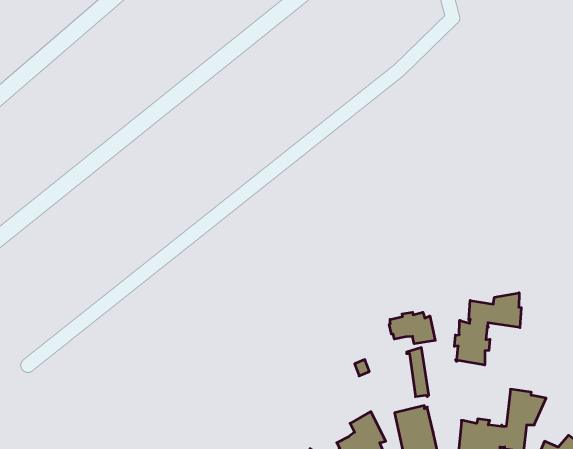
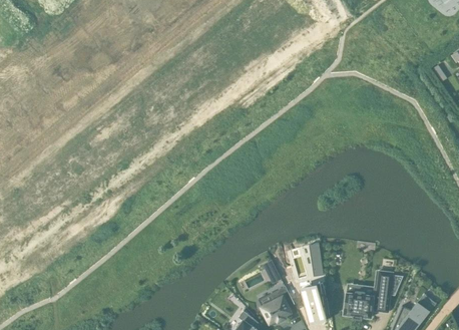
building: [454,293,521,365] -> none
building: [389,312,435,344] -> none

